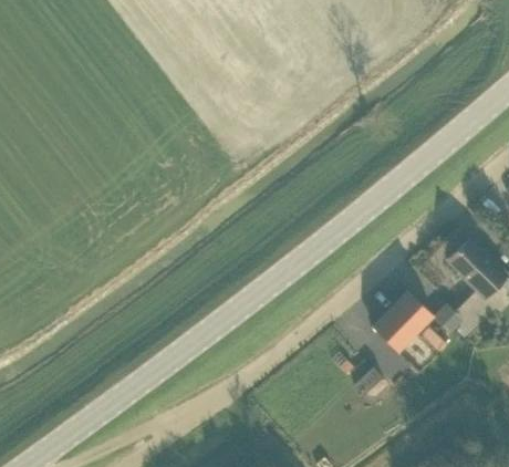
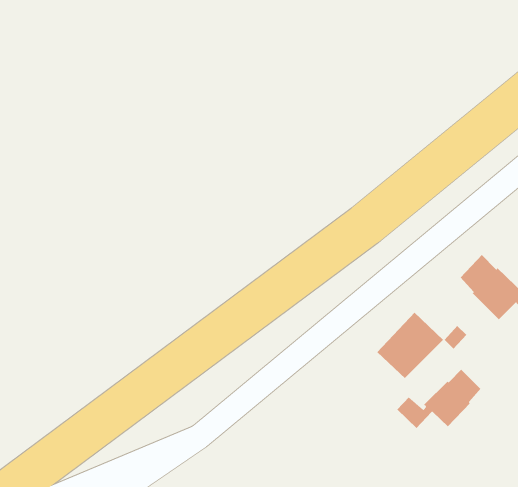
building: none -> [396,369,481,429]

